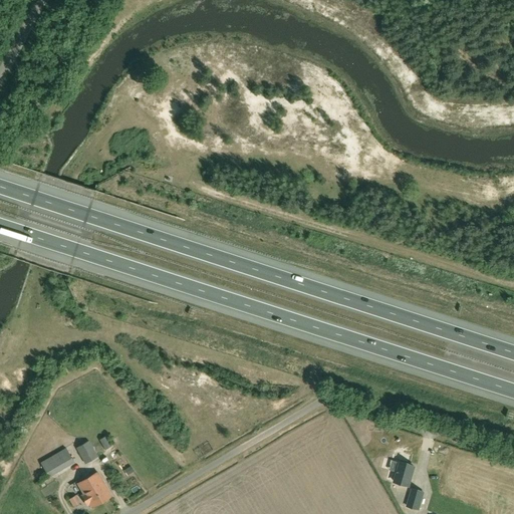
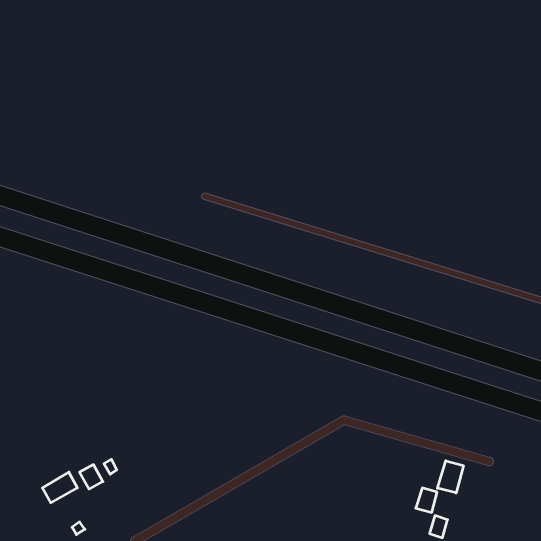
building: none -> [437,461,463,493]
building: [77,471,110,507] -> none

